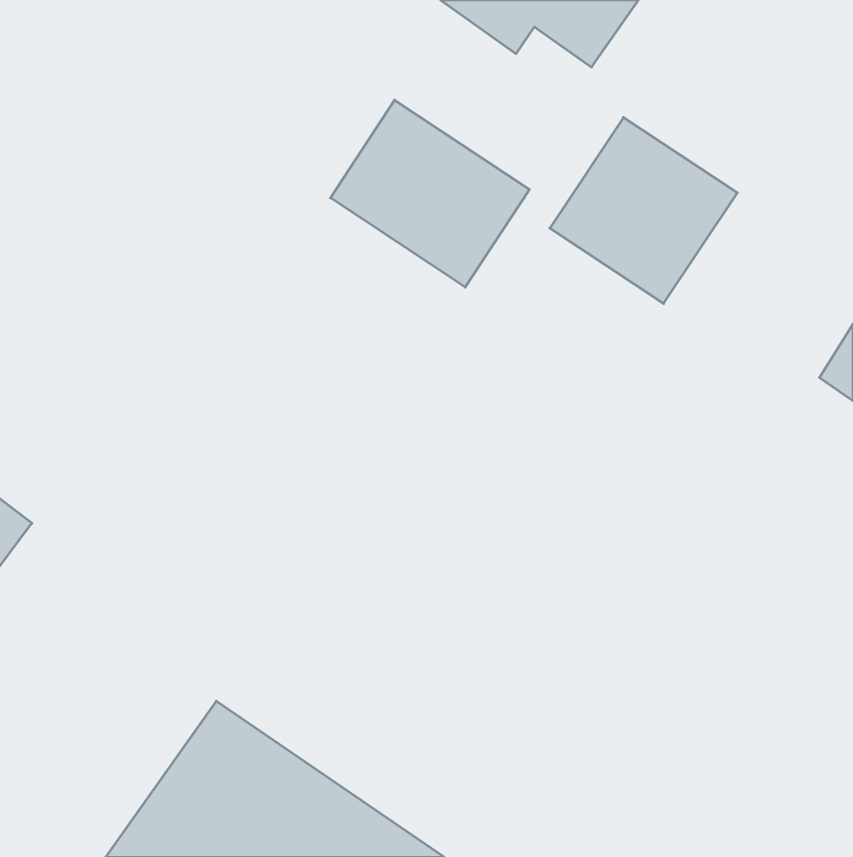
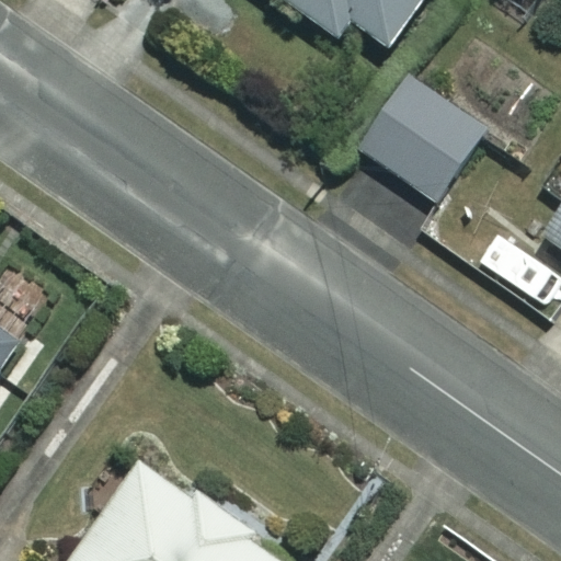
building: [330,100,529,287] -> none

